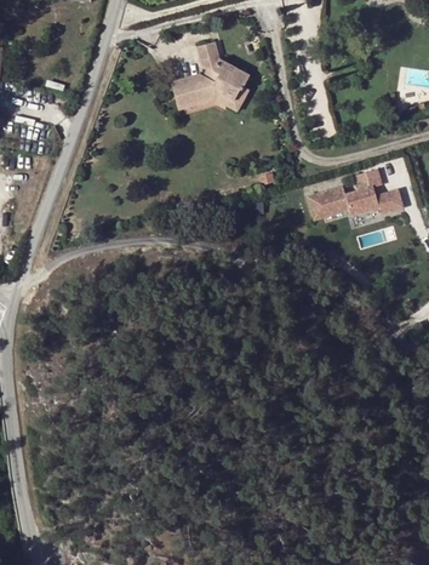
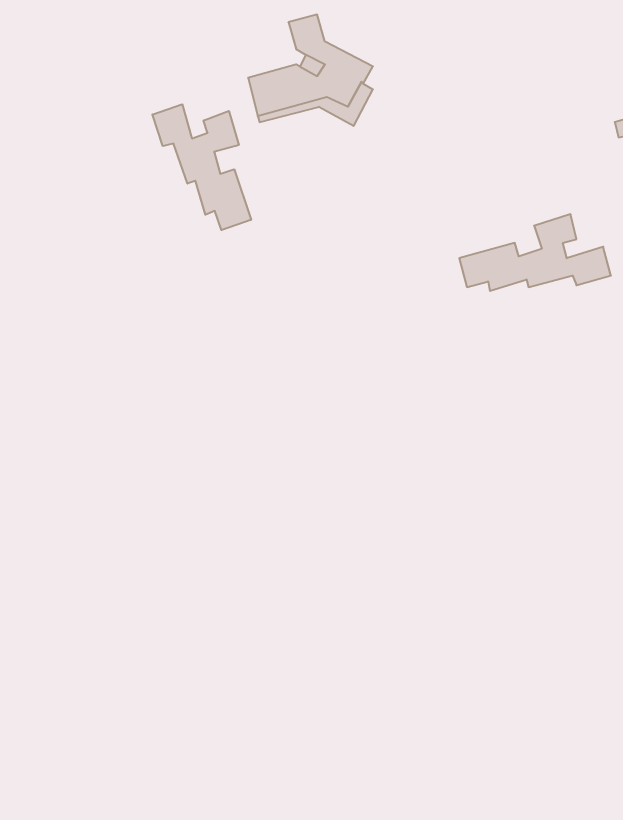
building: none -> [152,104,251,230]

